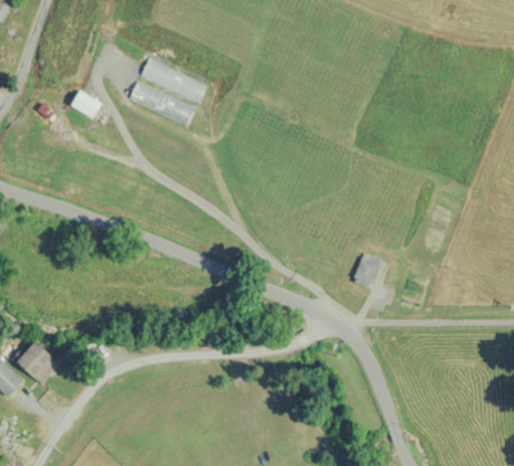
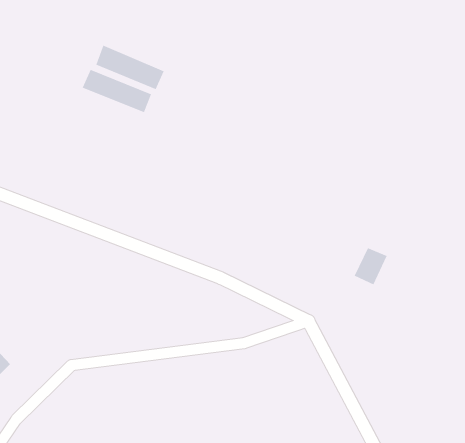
building: [70,90,102,120] -> none
building: [351,252,383,288] -> [354,248,387,285]

